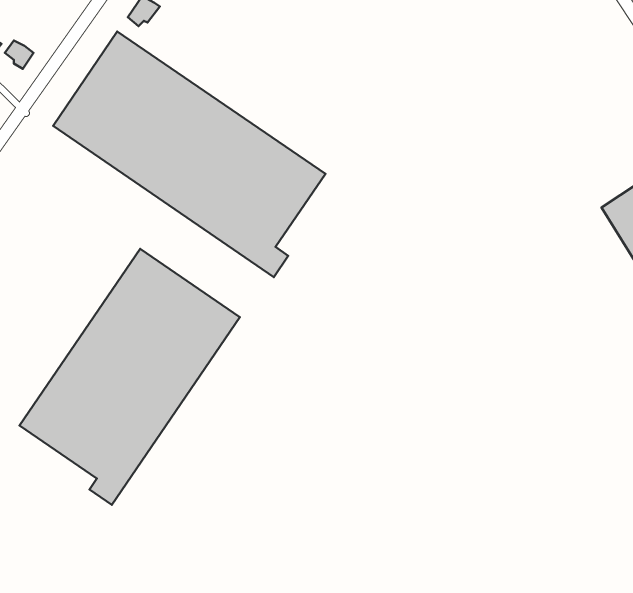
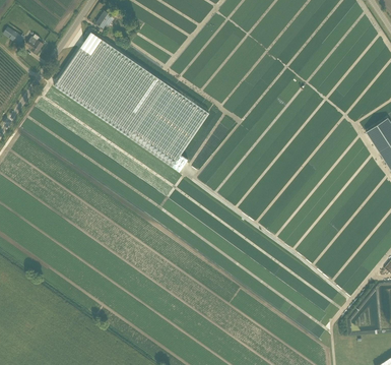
building: [19,249,240,505] -> none

